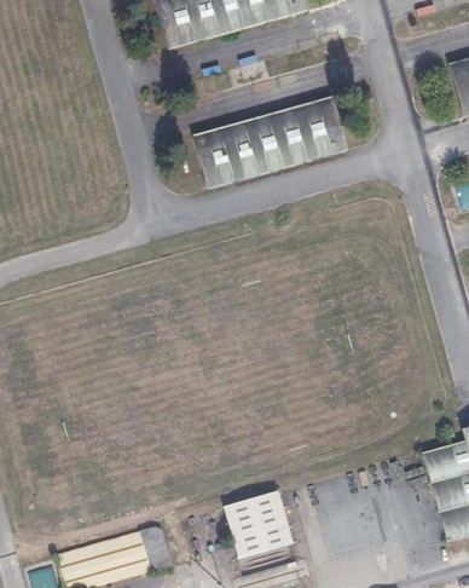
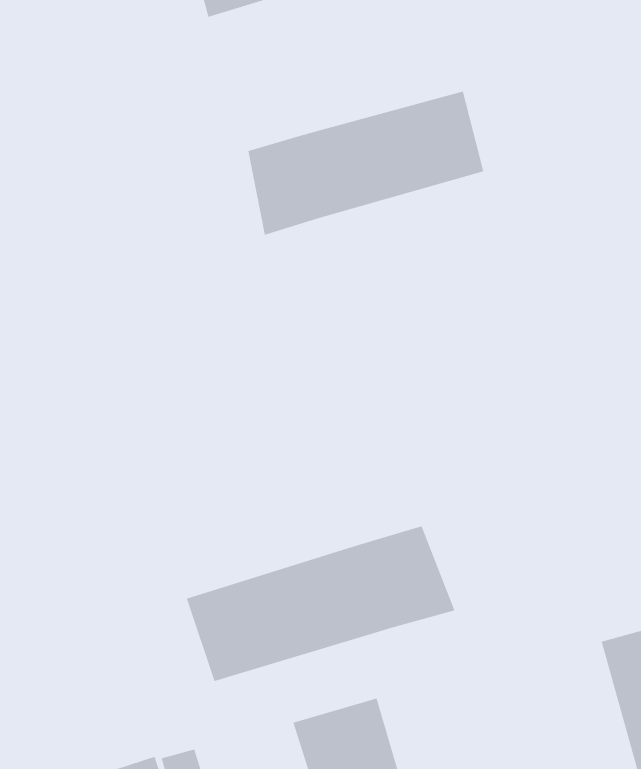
building: none -> [186,526,455,682]

